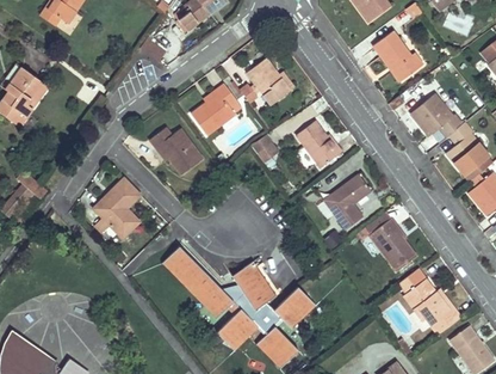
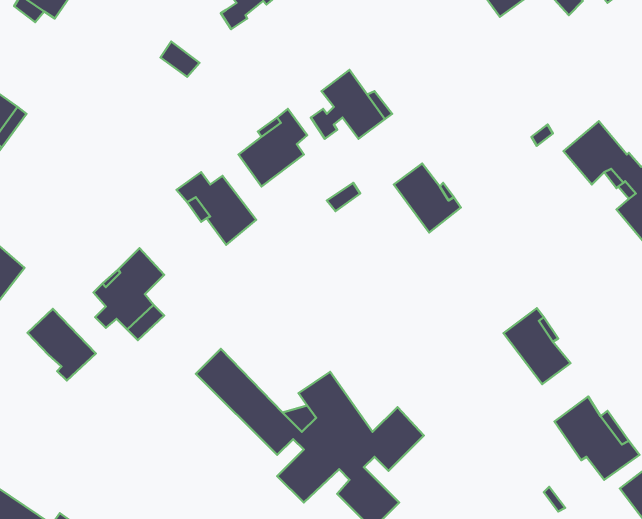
building: [372,30,423,78] -> none
building: [323,173,371,229] -> none
building: none -> [28,309,96,380]

